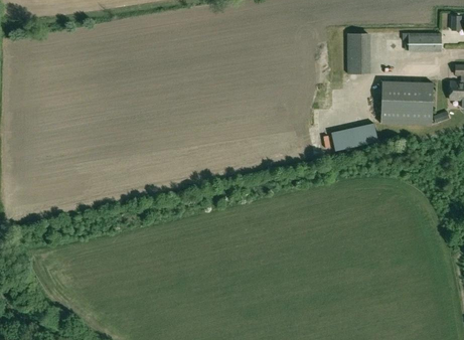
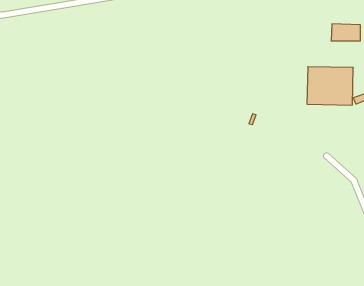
building: [347,33,370,73] -> none
building: [330,122,378,151] -> none

